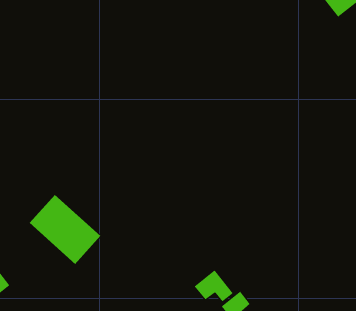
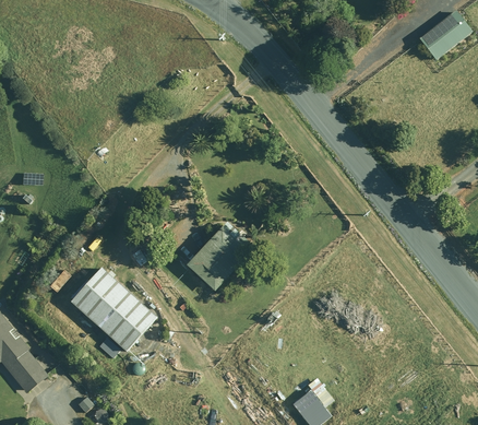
building: none -> [187,225,249,288]
building: [194,269,234,302] -> none

